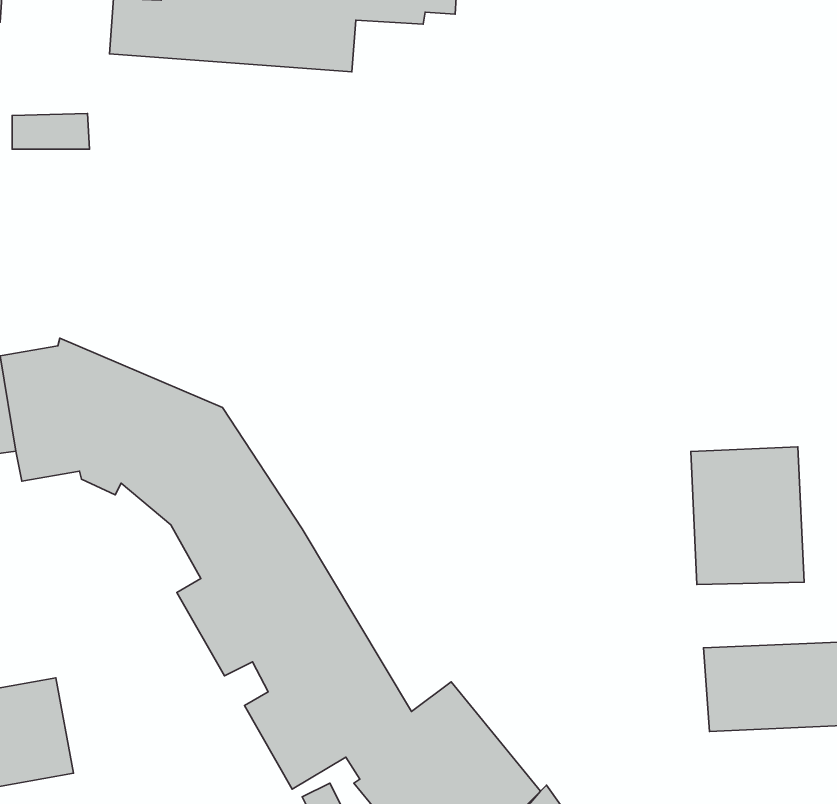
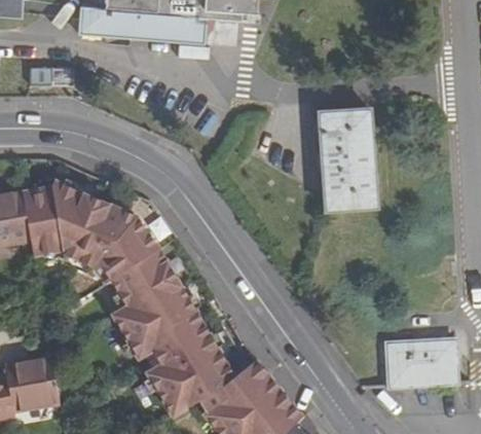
building: none -> [320,109,375,208]
building: [691,447,804,585] -> none

